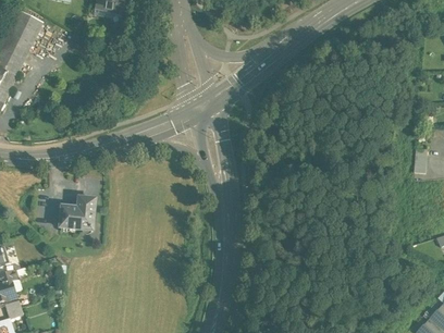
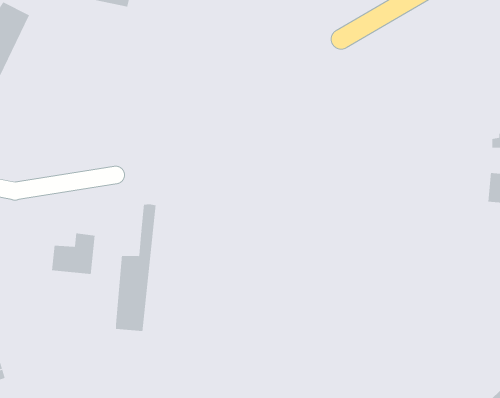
building: none -> [115,204,156,332]

